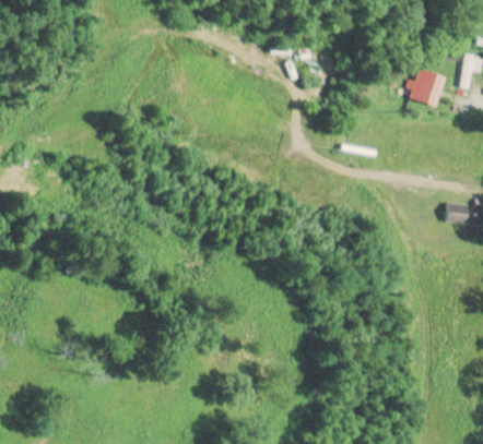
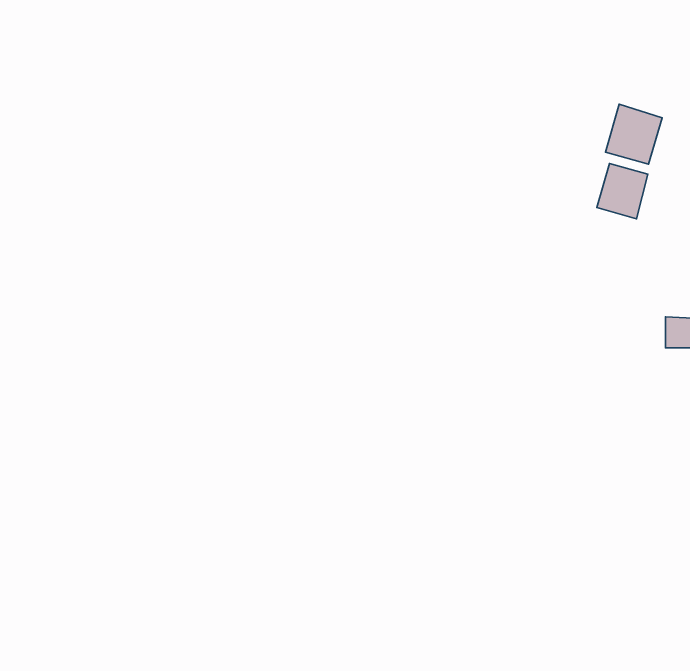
building: none -> [597,164,648,219]

